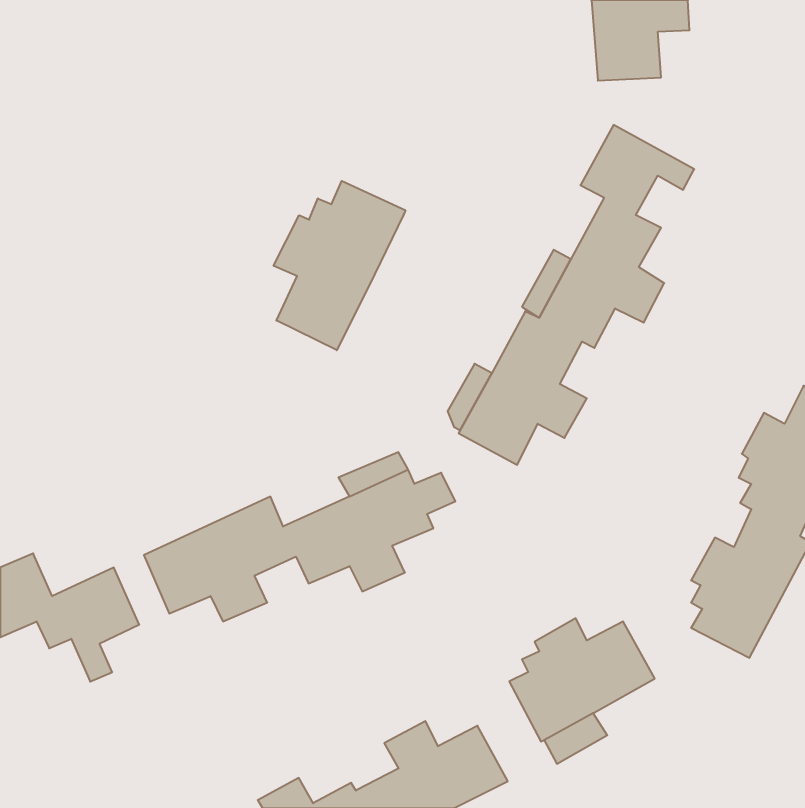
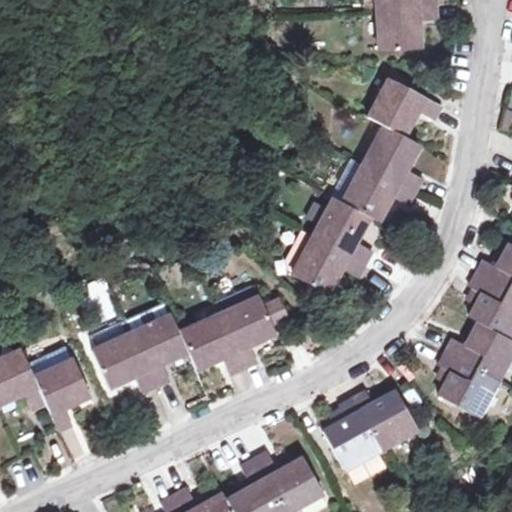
building: [274,181,405,350] -> none

